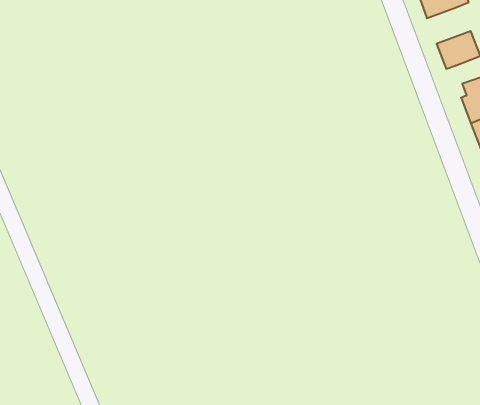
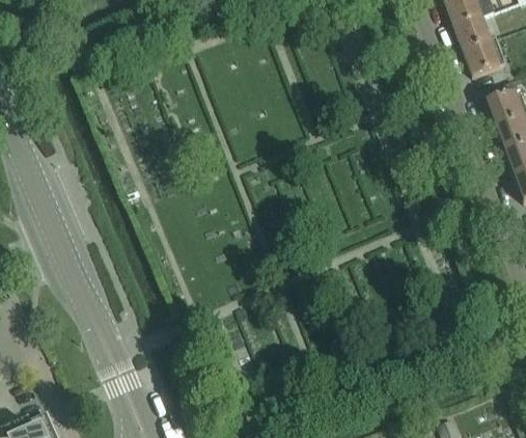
building: none -> [453,18,496,53]

